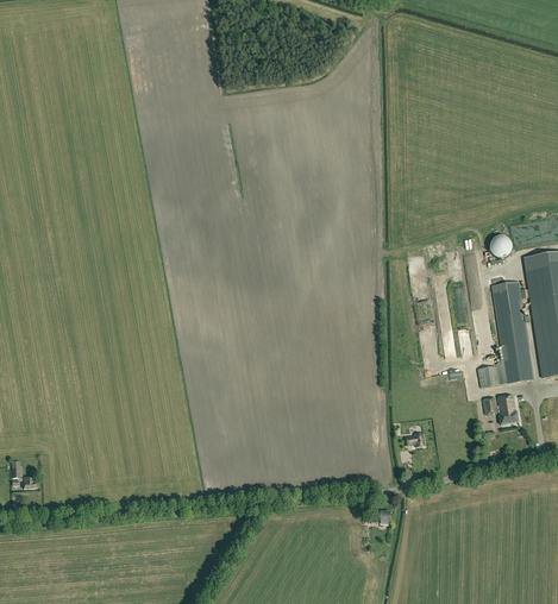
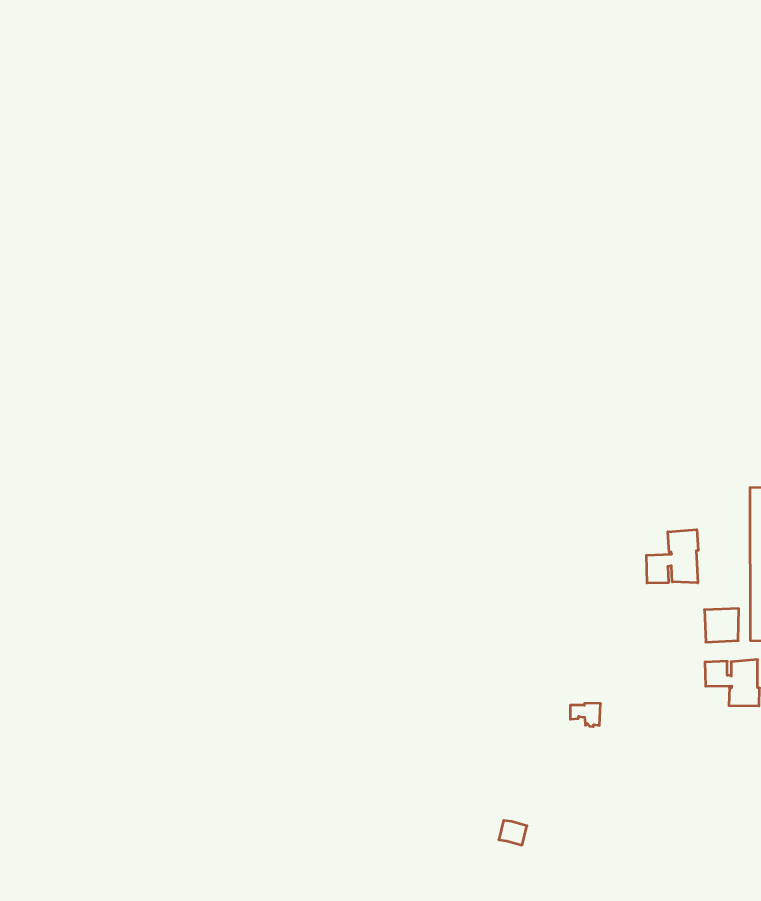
building: none -> [646,530,698,583]

